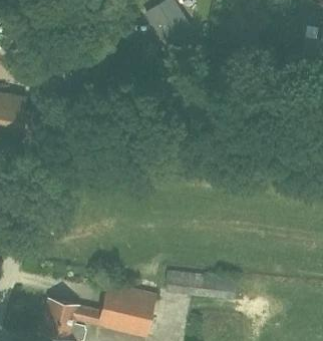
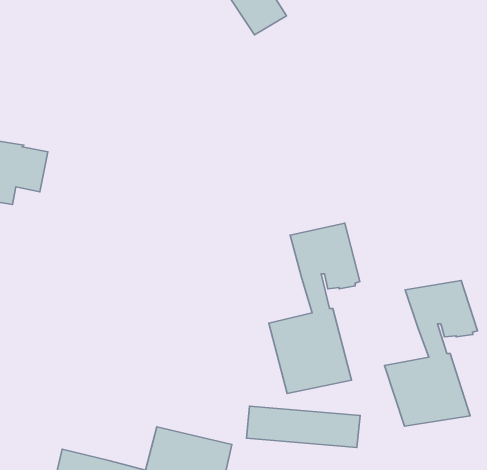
building: none -> [269,223,360,393]
building: none -> [384,280,478,426]

